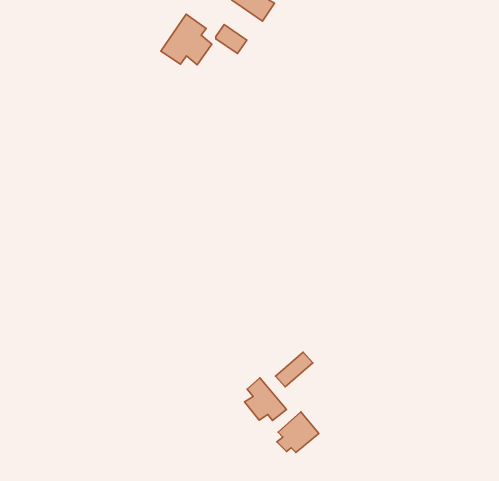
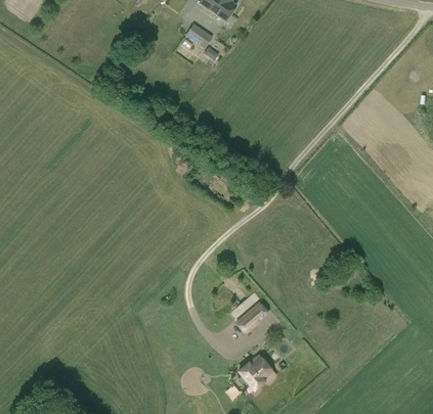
building: [161,14,212,65] -> none
building: [244,378,286,421] -> none

